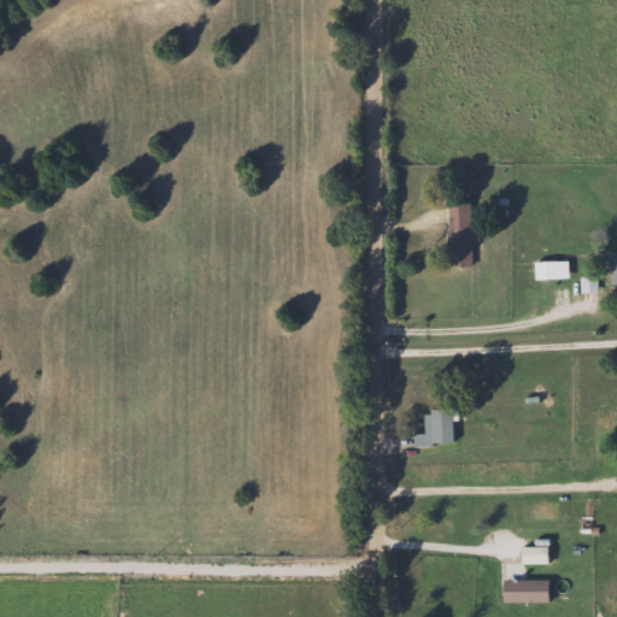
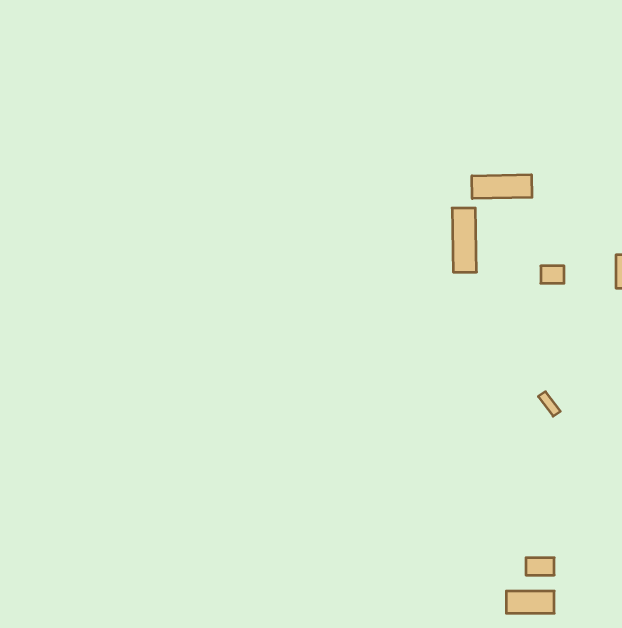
building: none -> [472,175,532,199]
building: [415,411,456,445] -> none

